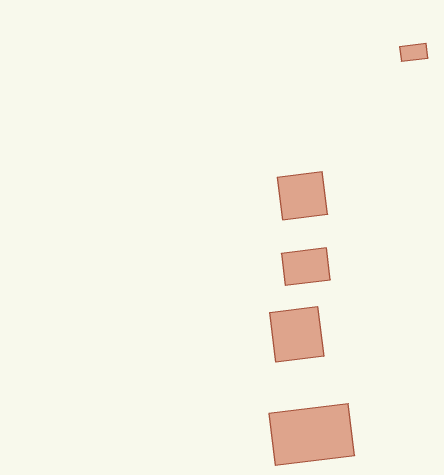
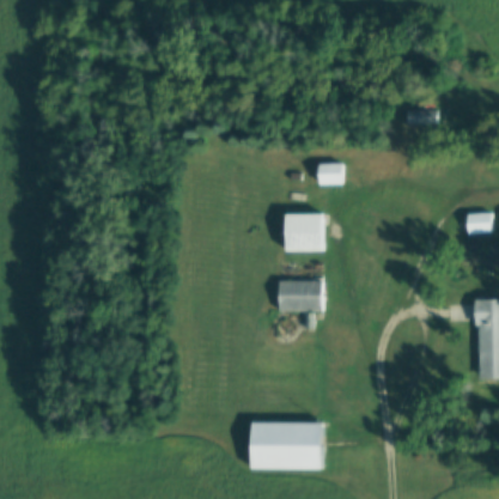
building: none -> [320,164,343,185]
building: [270,307,324,362] -> none

